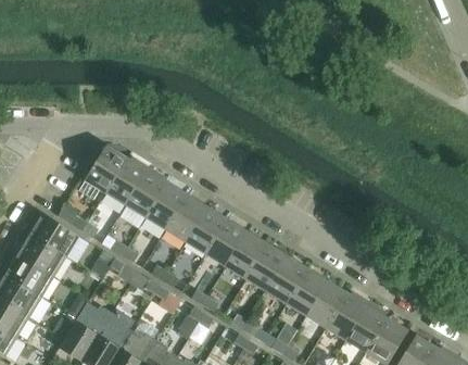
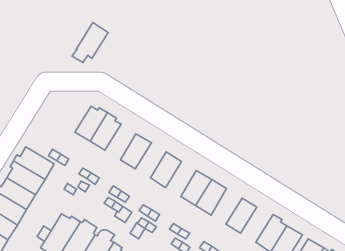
building: [79,144,127,198] -> [72,23,108,63]
building: [146,181,187,229] -> none
building: [186,206,227,253] -> none
building: [226,231,267,278] -> none
building: [287,267,328,315] -> none
building: [326,292,369,339] -> none

